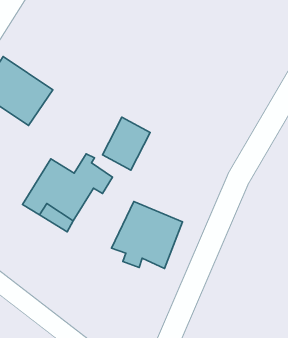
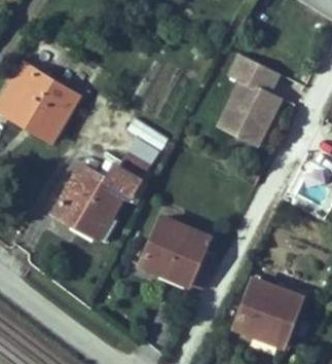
building: none -> [215,61,278,152]
building: none -> [238,275,304,340]

